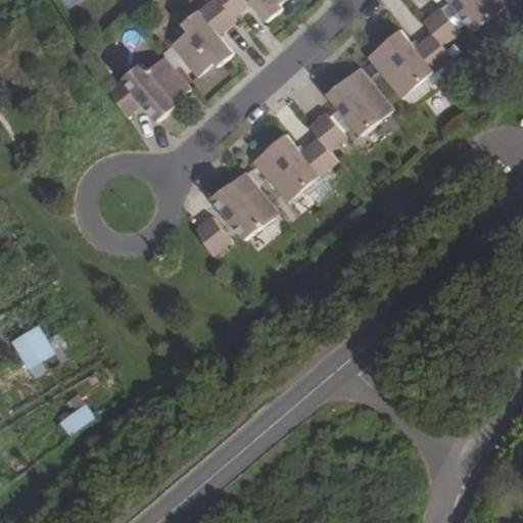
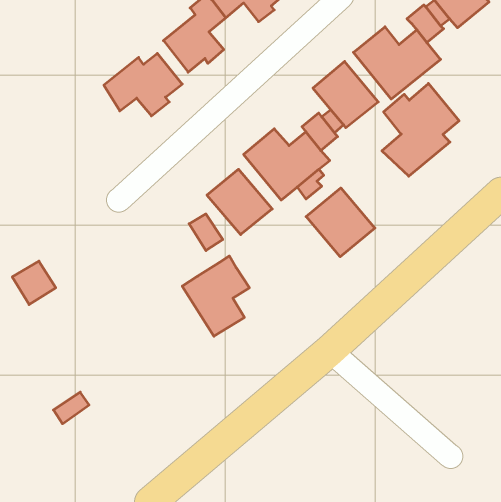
building: none -> [382,83,459,176]
building: none -> [306,188,375,257]
building: none -> [182,256,249,336]
building: [8,327,53,372] -> [12,261,56,305]

